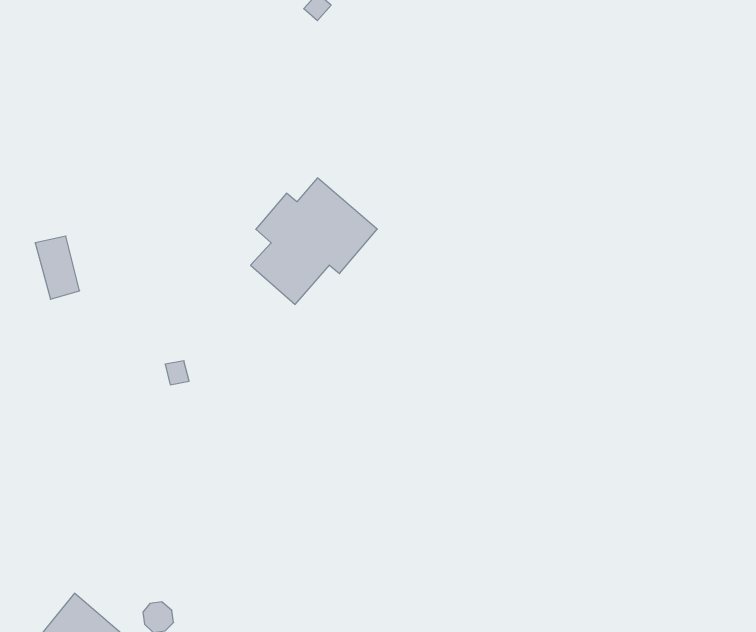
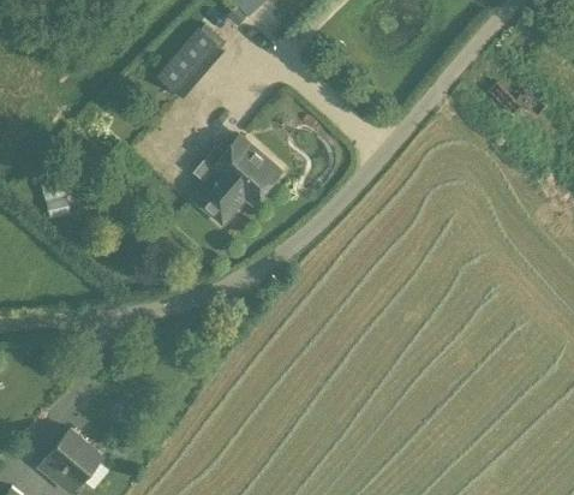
building: none -> [156,28,226,100]

